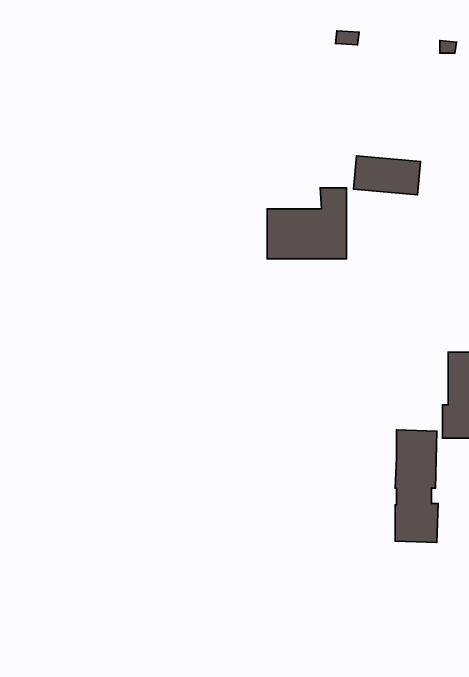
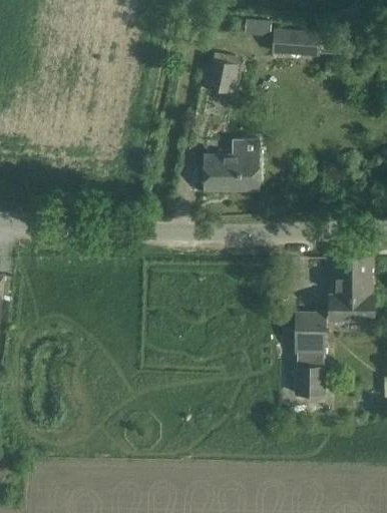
building: none -> [207,58,238,92]
building: [354,156,420,195] -> [274,28,322,56]

